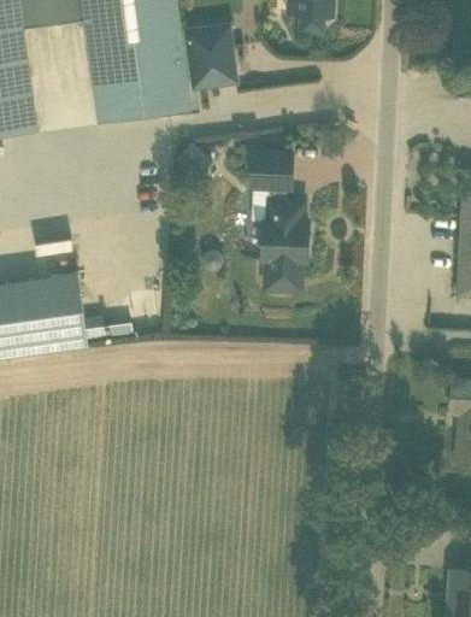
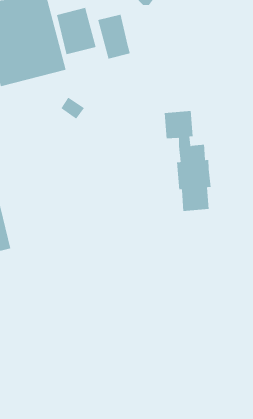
building: none -> [98,14,131,59]
building: [253,151,310,290] -> [164,111,211,211]

